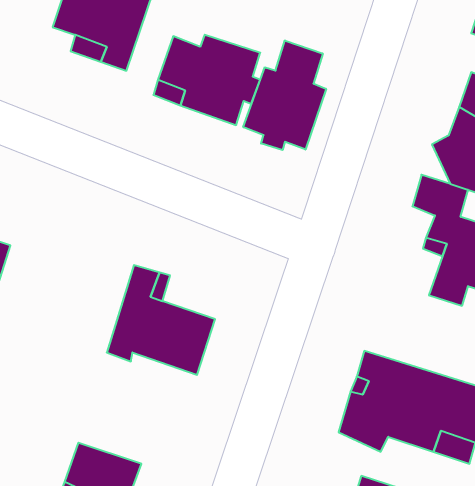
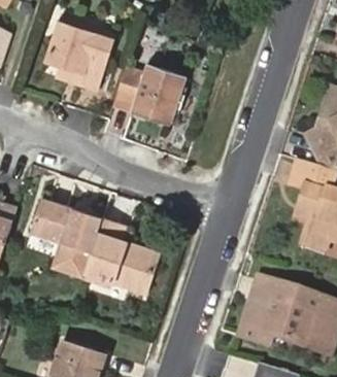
building: [243,40,326,150] -> none
building: none -> [28,200,101,280]

